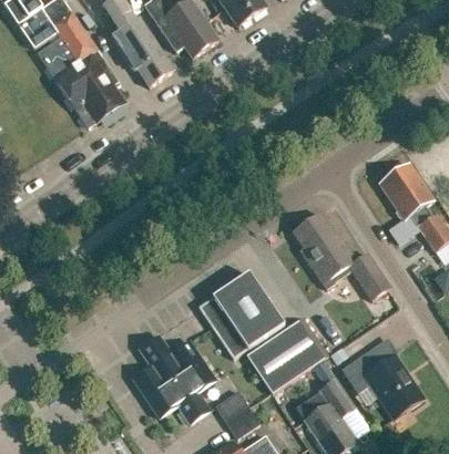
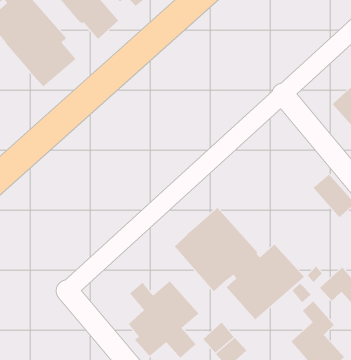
building: [293,214,356,282] -> none

